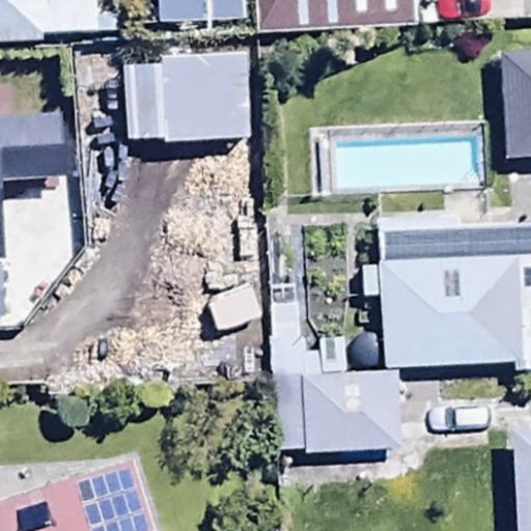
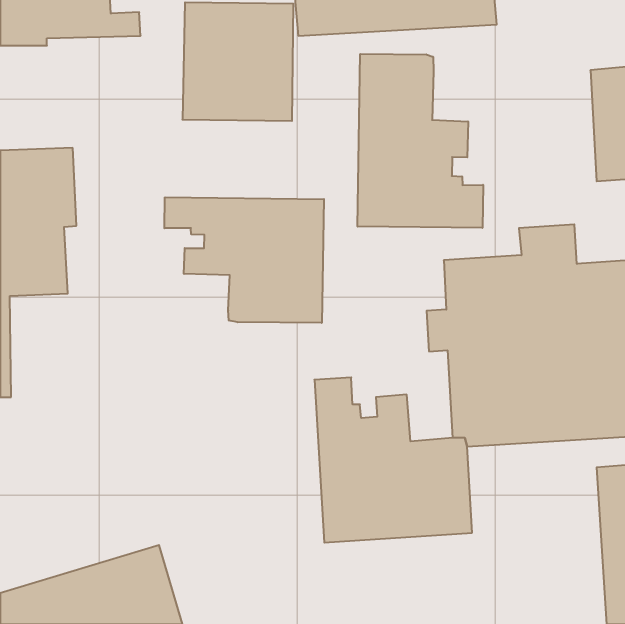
building: none -> [358,54,483,228]
building: none -> [164,197,324,323]

